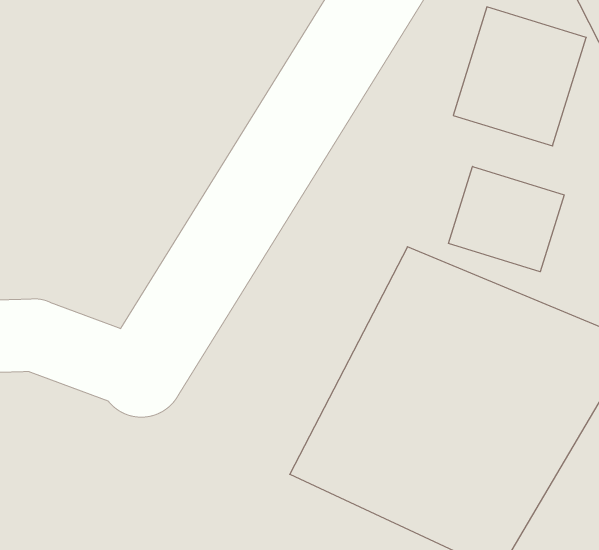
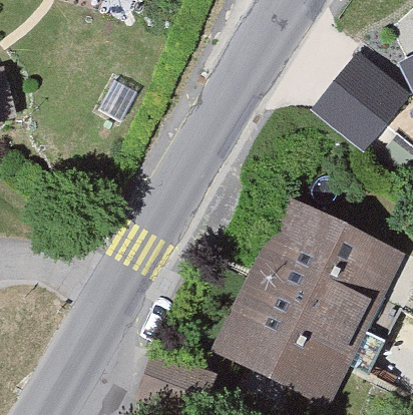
building: [448,166,564,272] -> none

